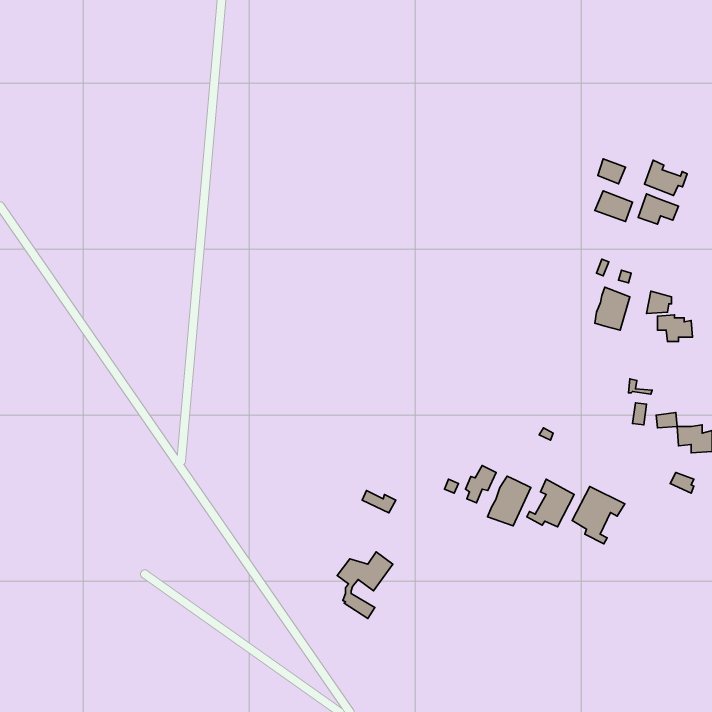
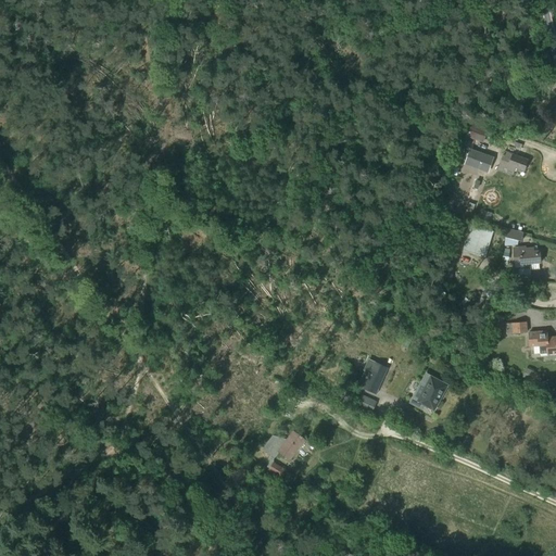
building: [644,160,687,196] -> none
building: [487,476,531,526] -> none
building: [572,486,625,544] -> none

